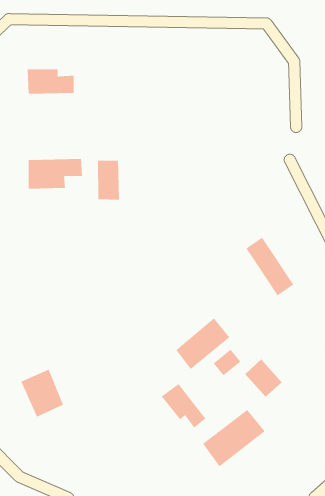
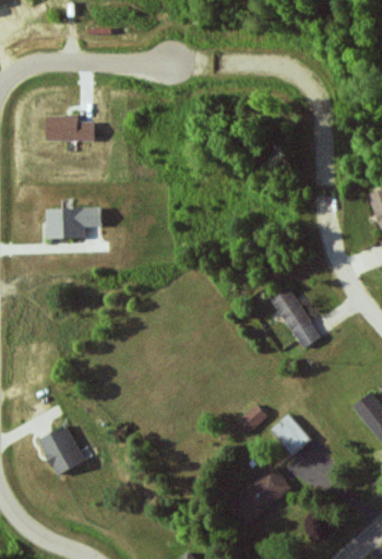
building: [97,160,119,200] -> none
building: [175,317,230,370] -> none
building: [161,383,206,429] -> none

